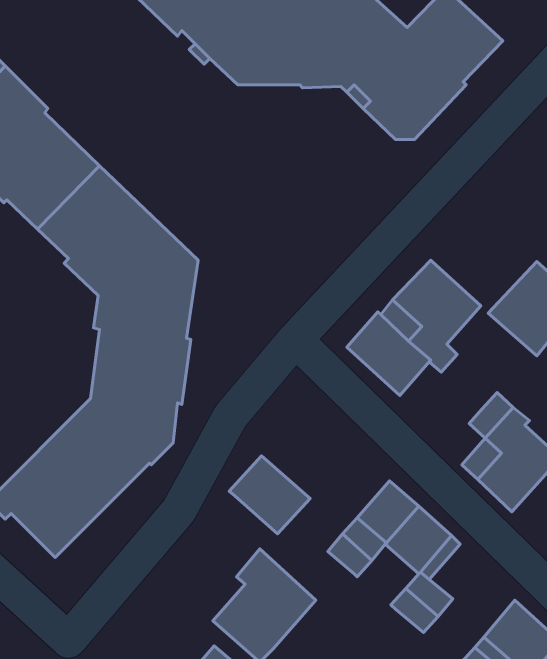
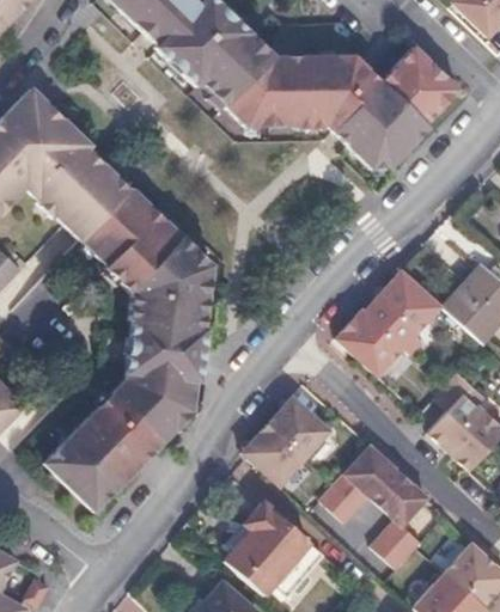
building: none -> [263,400,325,461]

